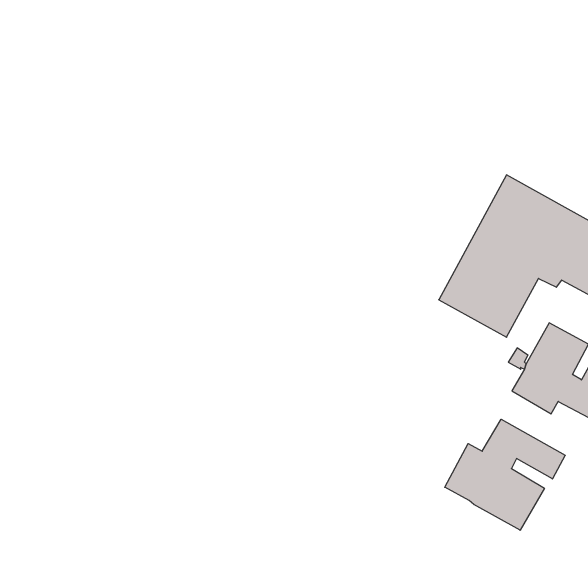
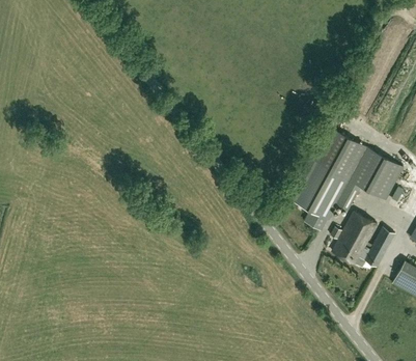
building: [445,419,565,530] -> none

